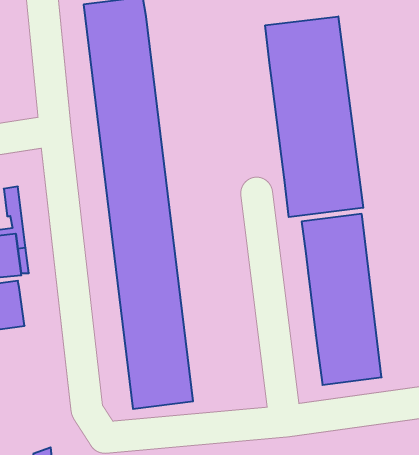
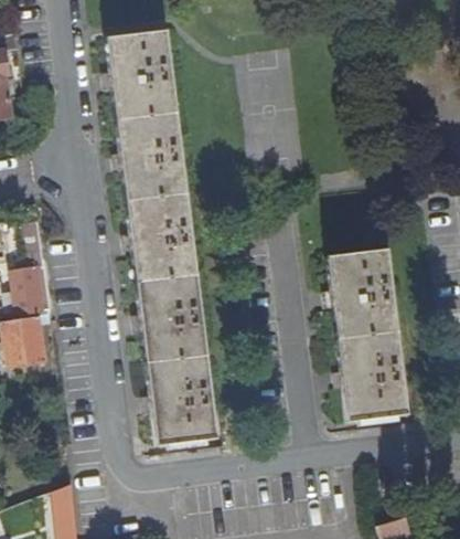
building: [265,16,363,217] -> none

